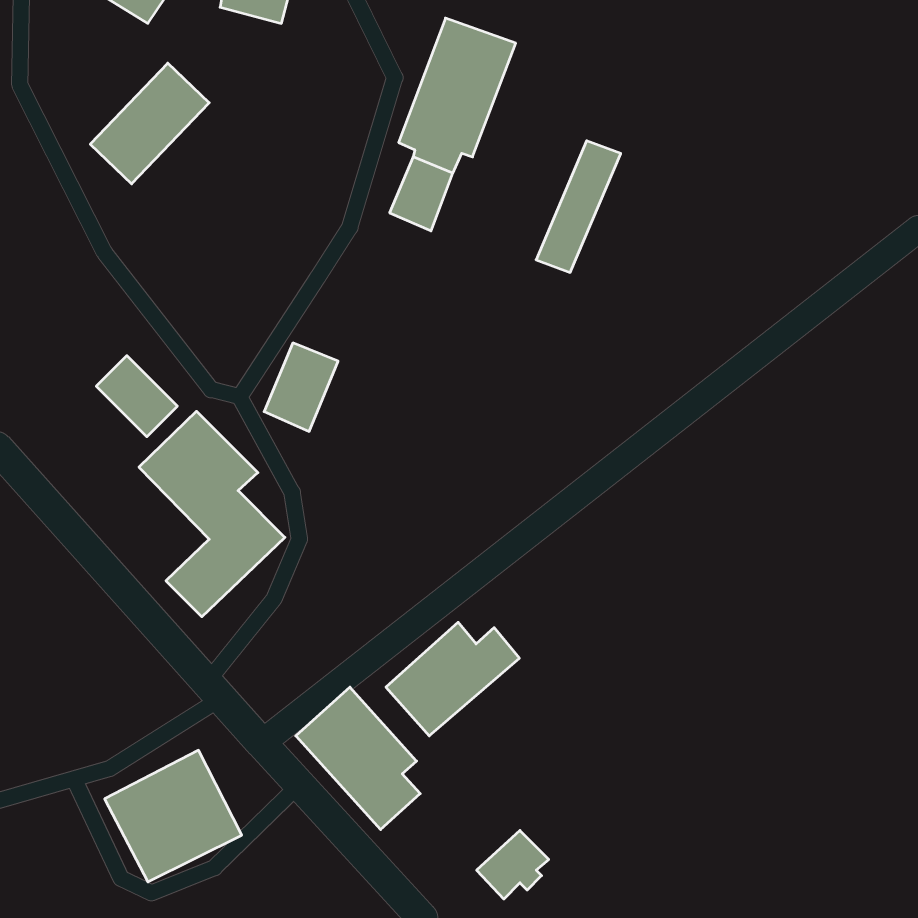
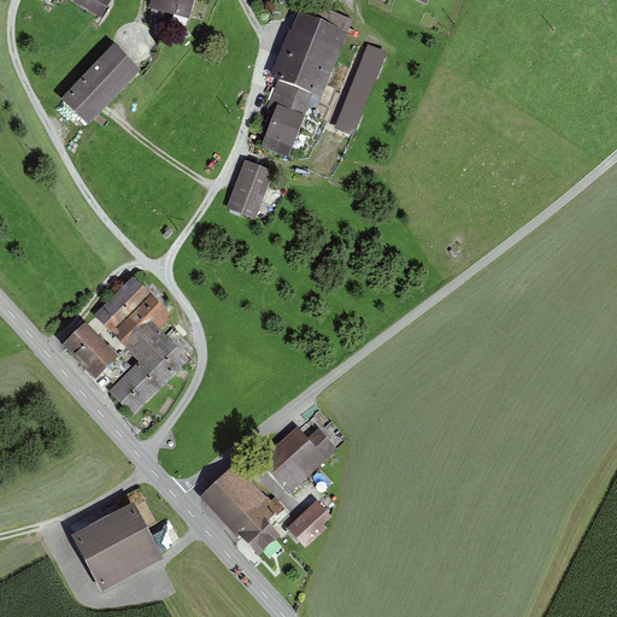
building: [536,141,621,272] -> [334,45,390,133]
building: [264,343,338,431] -> [225,160,275,219]
building: [96,356,177,437] -> [63,322,117,376]
building: [477,830,549,899] -> [286,498,334,543]

